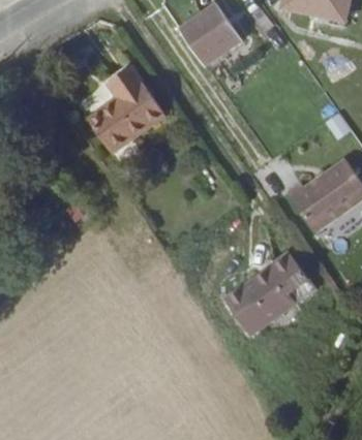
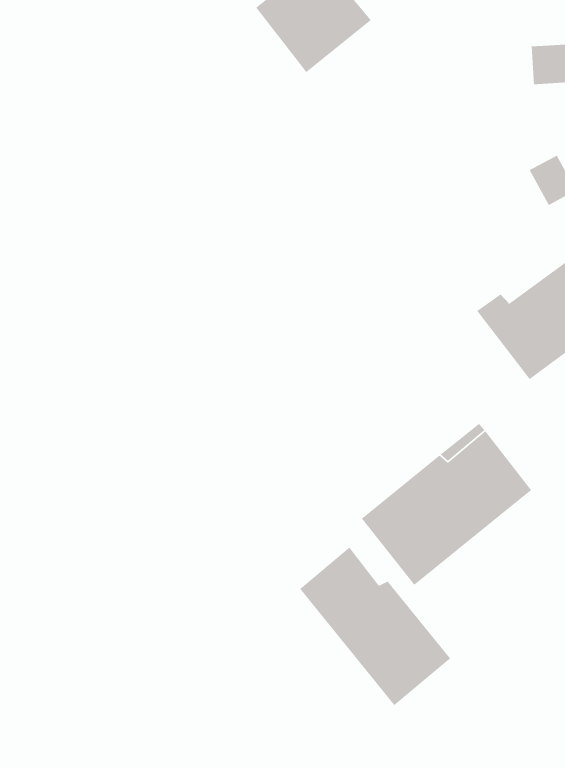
building: [86,67,163,152] -> none
building: none -> [299,546,451,706]

